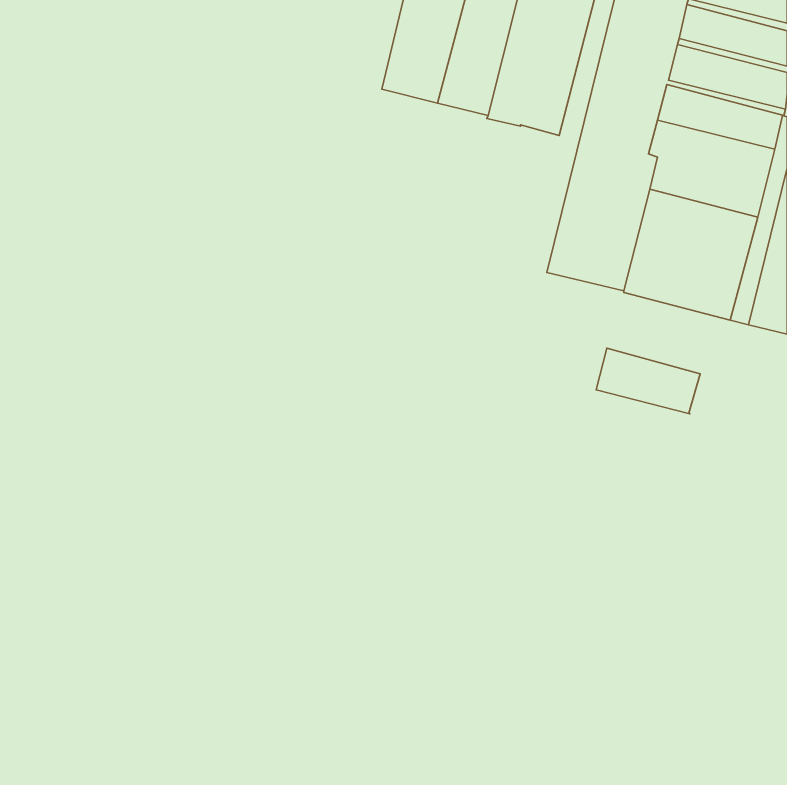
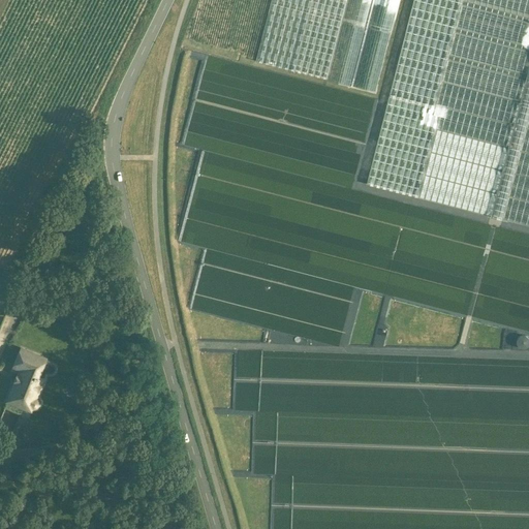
building: none -> [435,81,520,146]
building: [596,348,700,414] -> none
building: none -> [6,347,59,412]

